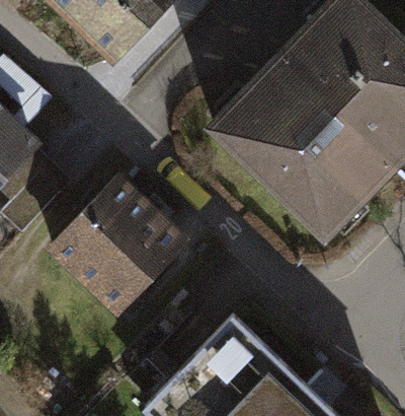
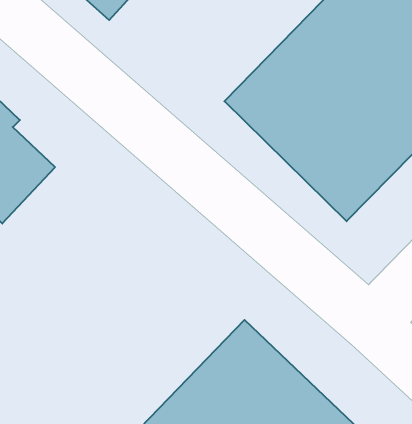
building: [54,180,184,309] -> none

